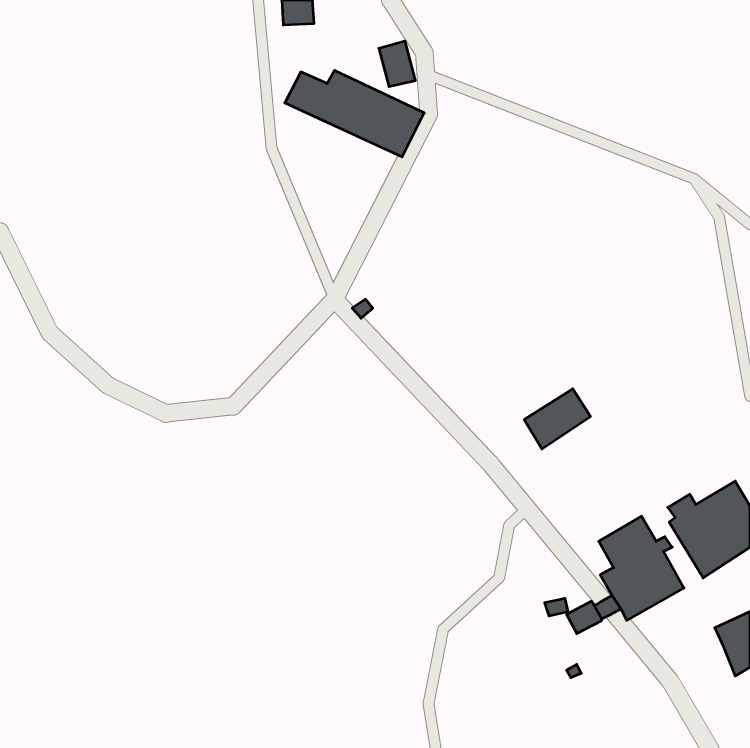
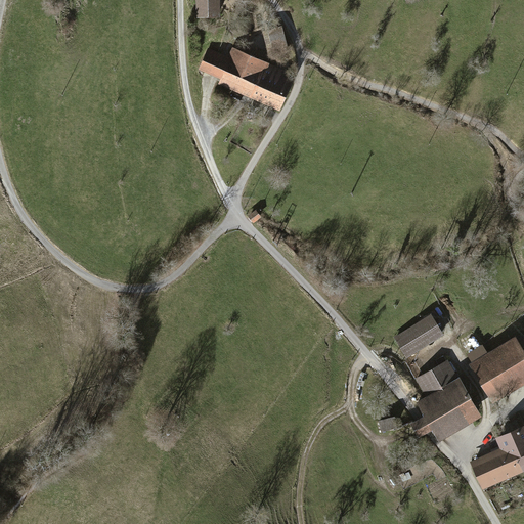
building: [524,389,590,449] -> [394,315,440,357]
building: none -> [473,450,513,486]

